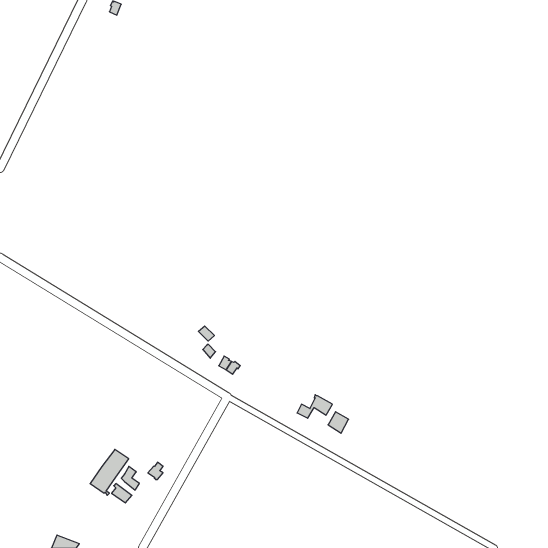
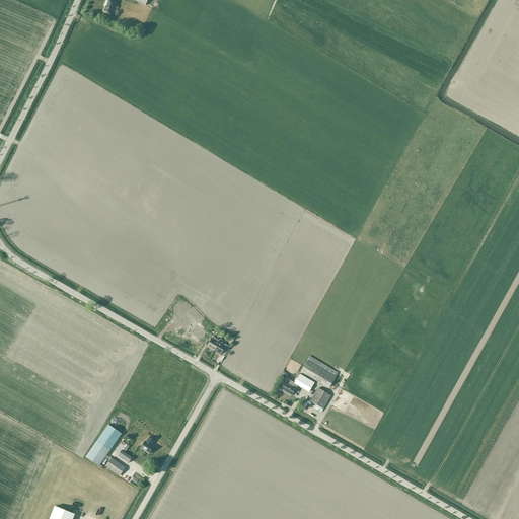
building: none -> [300,359,336,388]

